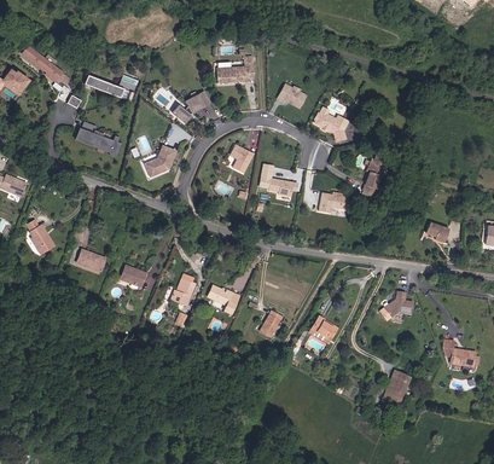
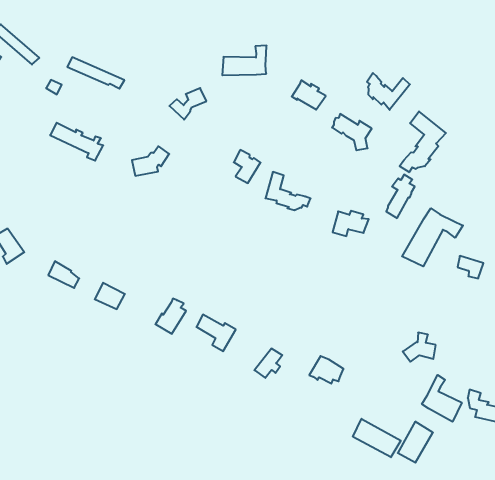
building: none -> [367,73,410,110]
building: none -> [400,111,446,172]
building: none -> [402,208,463,266]
building: none -> [422,375,462,422]
building: none -> [353,419,401,457]

